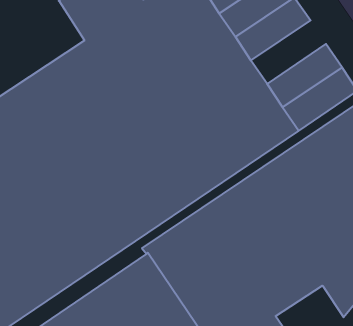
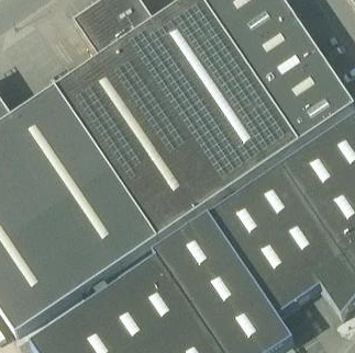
building: none -> [254,37,324,96]

